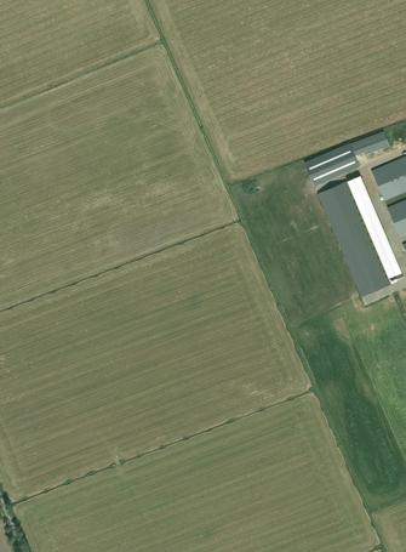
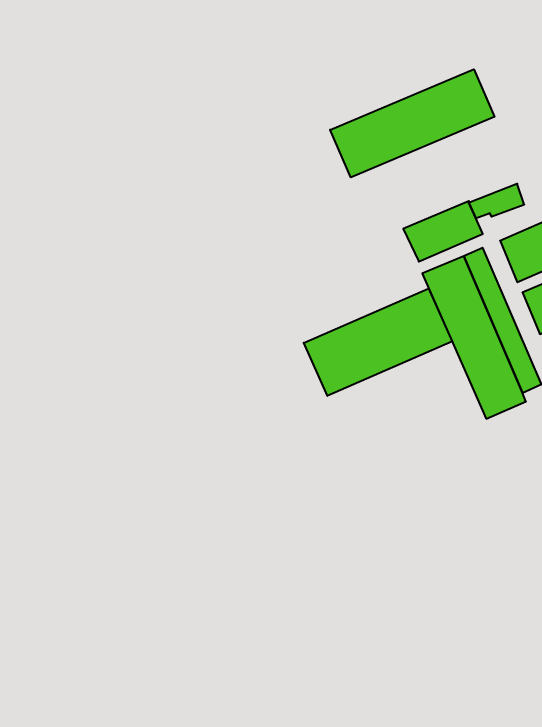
building: none -> [330,69,494,177]
building: none -> [304,288,452,396]

